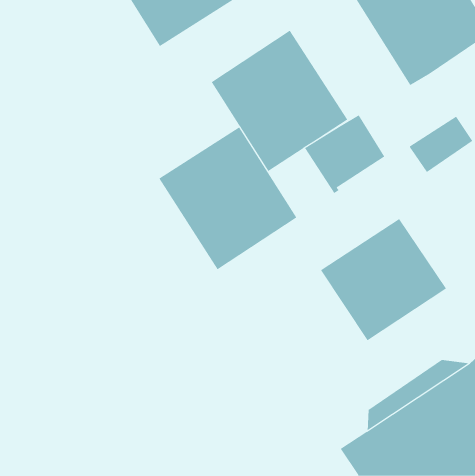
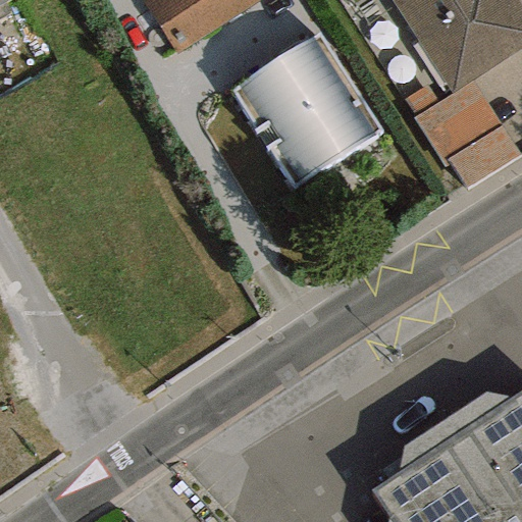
building: [304,115,385,194] -> [412,81,501,167]
building: [159,126,297,270] -> none
building: [320,218,447,341] -> none

